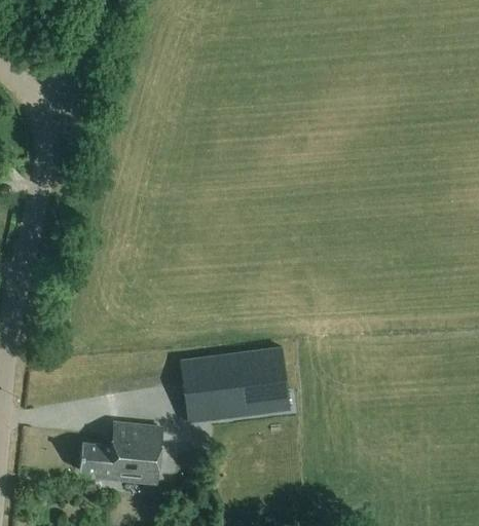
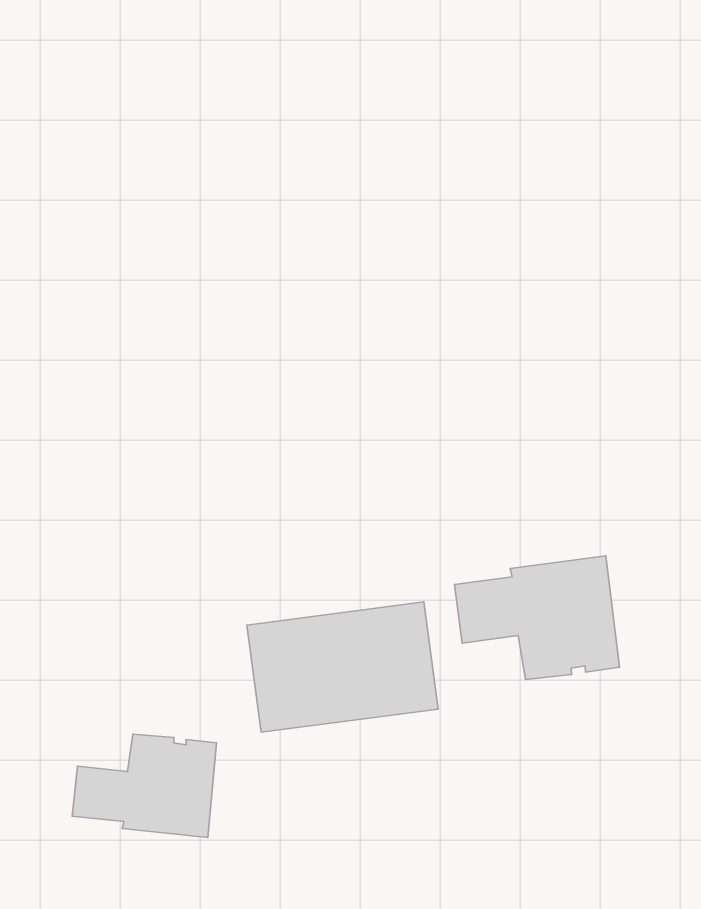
building: none -> [454,556,619,680]

